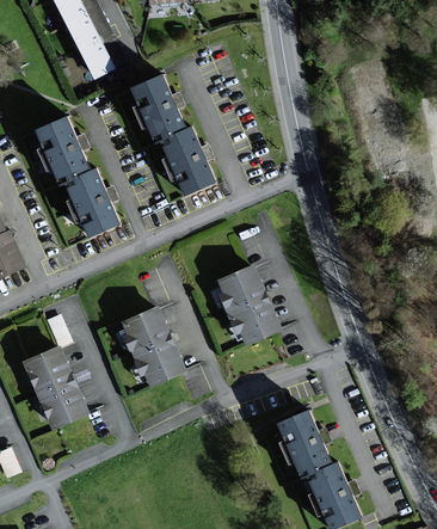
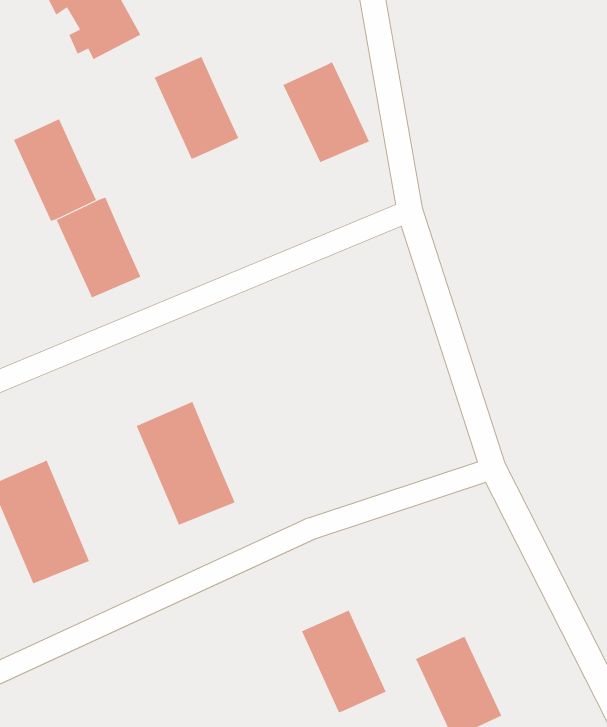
building: [160,127,219,195] -> [283,62,370,163]
building: [215,265,282,349] -> none
building: [278,411,336,480] -> [301,610,387,713]

